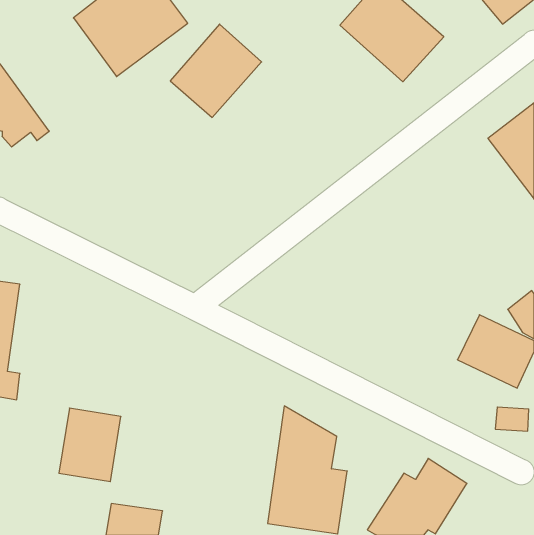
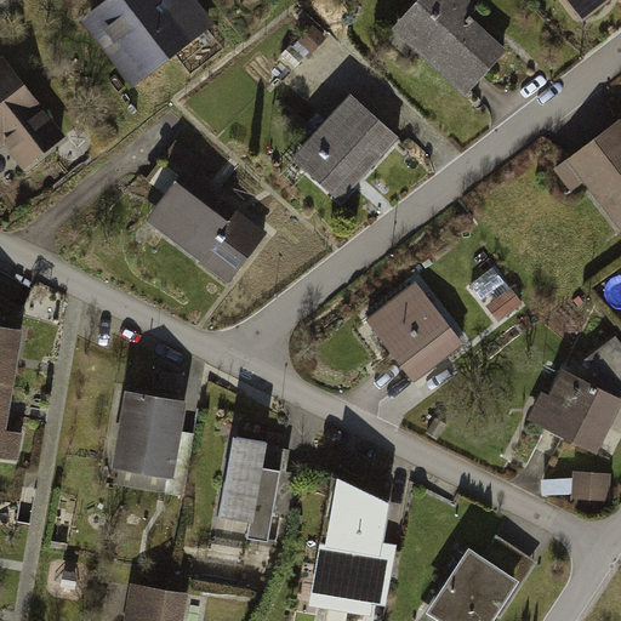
building: [170,24,262,117] -> [292,93,398,201]
building: none -> [146,169,269,283]
building: none -> [364,279,462,381]
building: none -> [213,437,292,542]
building: [59,408,121,482] -> [112,391,183,475]

